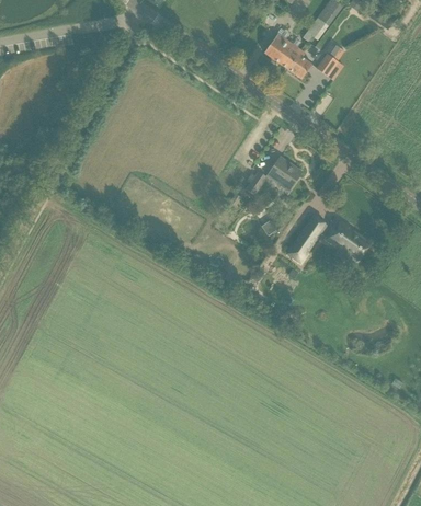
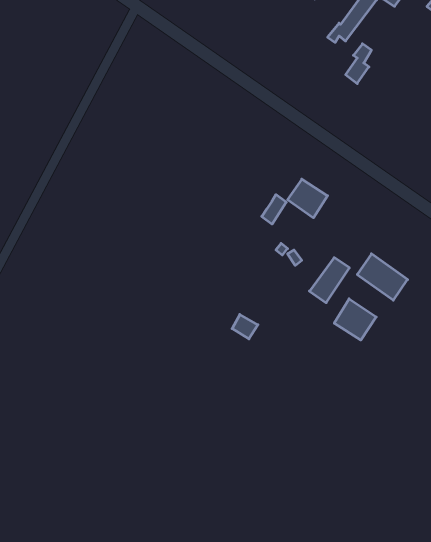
building: [263,33,310,79] -> none
building: none -> [334,299,376,340]

